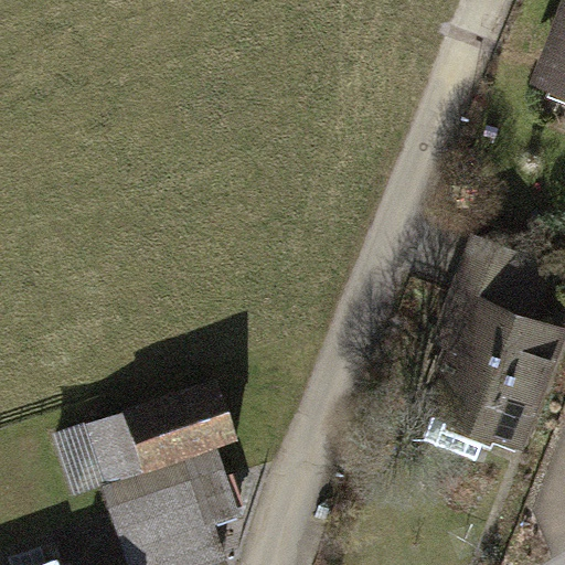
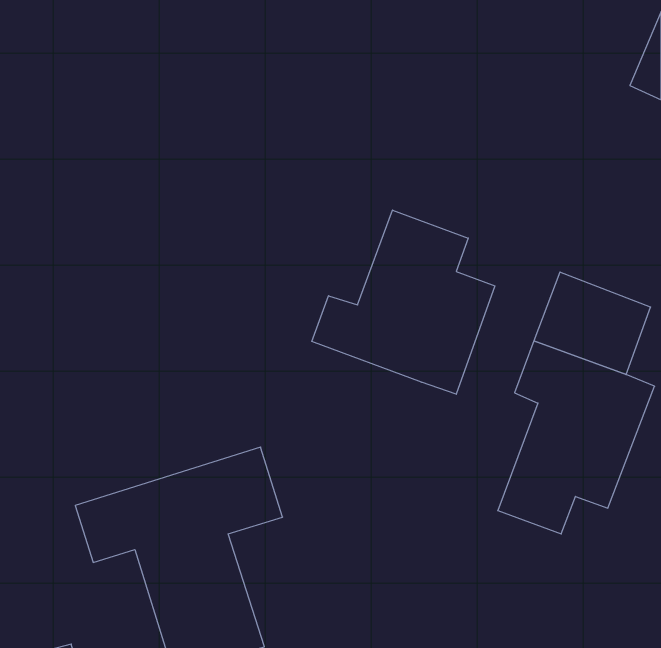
building: none -> [312,210,495,394]

